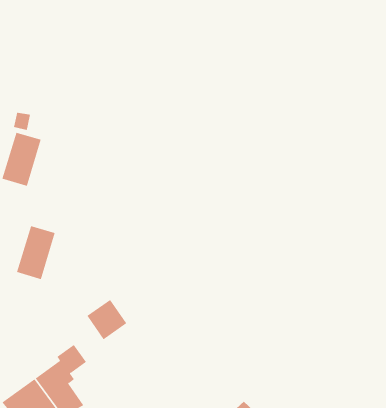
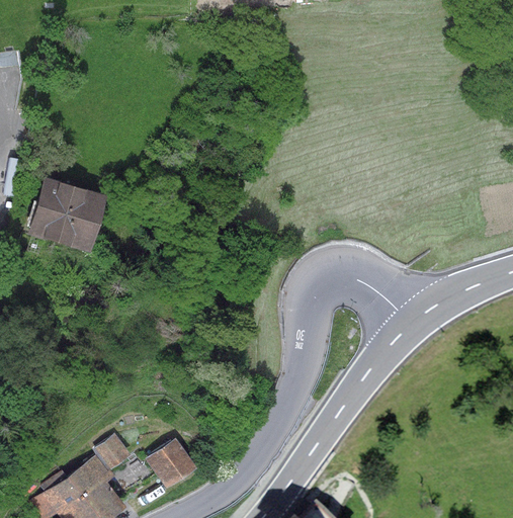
building: [16,225,56,280] -> [59,186,106,252]
building: [86,299,127,340] -> [147,439,196,489]

